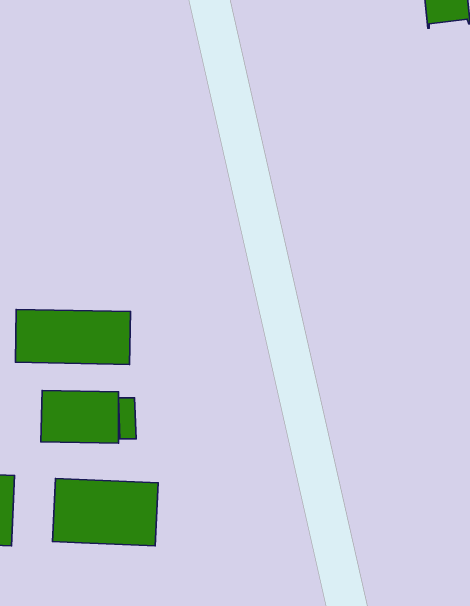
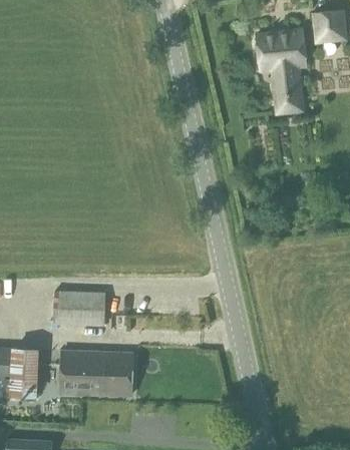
building: none -> [257,30,307,114]
building: [16,309,130,364] -> none

